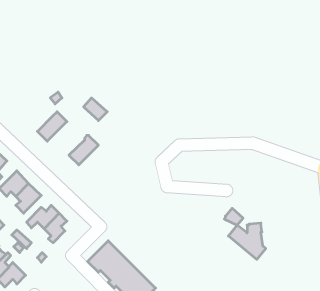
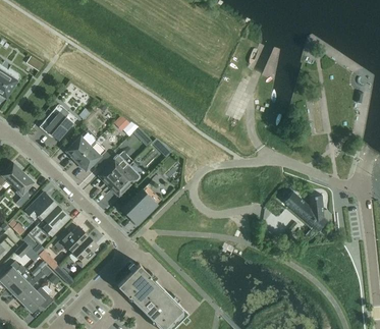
building: none -> [39,105,76,141]
building: none -> [75,142,105,172]
building: none -> [108,166,139,197]
building: none -> [122,190,156,224]
building: [228,223,266,259] -> [288,195,327,232]

